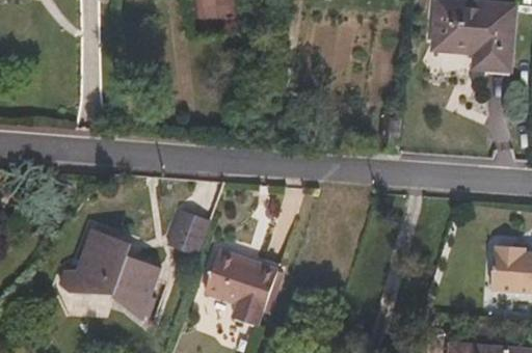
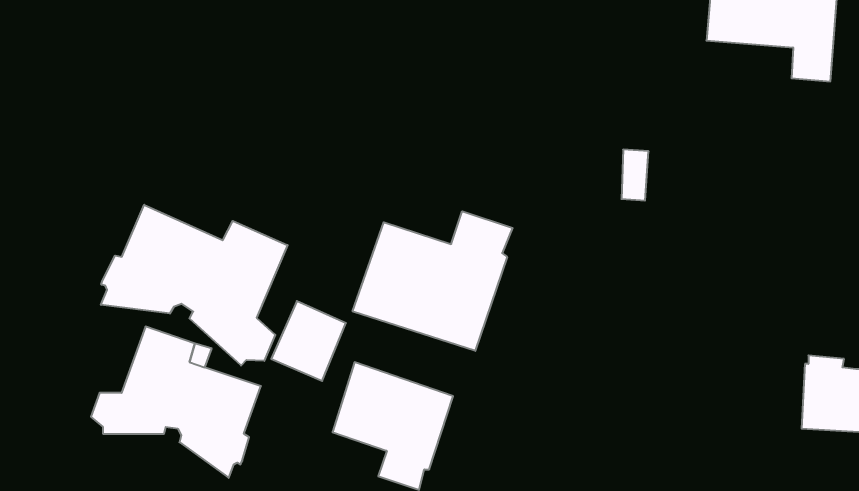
building: none -> [101,205,288,366]
building: none -> [353,211,513,351]

